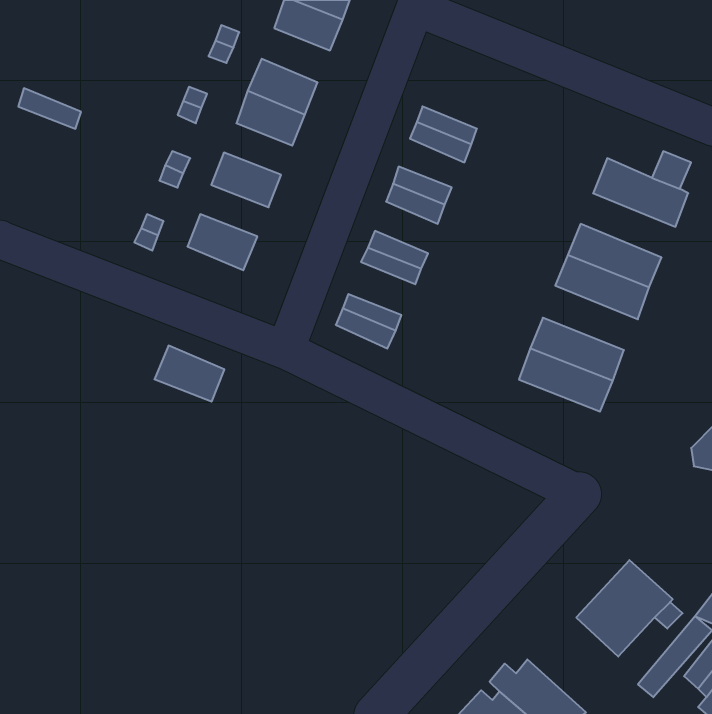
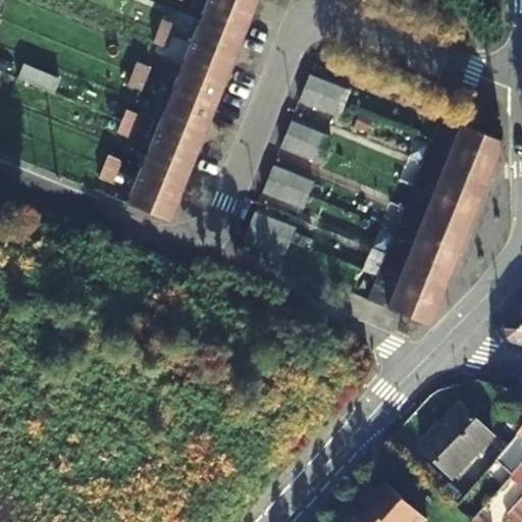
building: none -> [193,21,243,61]
building: none -> [159,88,215,128]
building: none -> [148,136,198,173]
building: none -> [425,142,494,189]
building: none -> [398,209,467,256]
building: [154,346,224,402] -> [128,180,179,221]
building: none -> [370,277,439,325]

